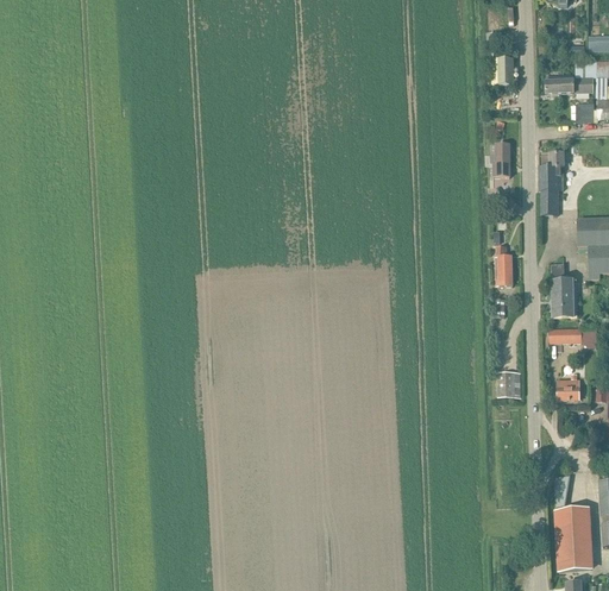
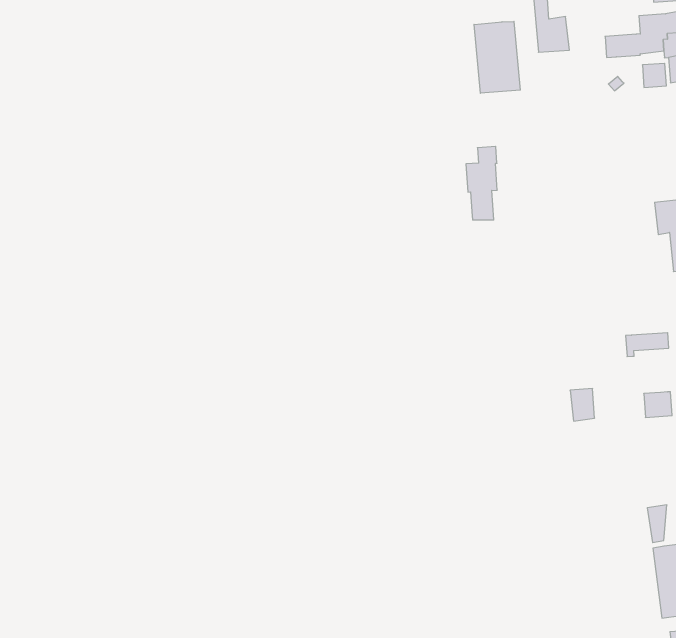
building: none -> [474,21,520,93]
building: [491,144,511,177] -> none
building: [539,152,565,214] -> [466,146,497,220]
building: [496,245,514,287] -> none
building: [552,263,578,317] -> none

